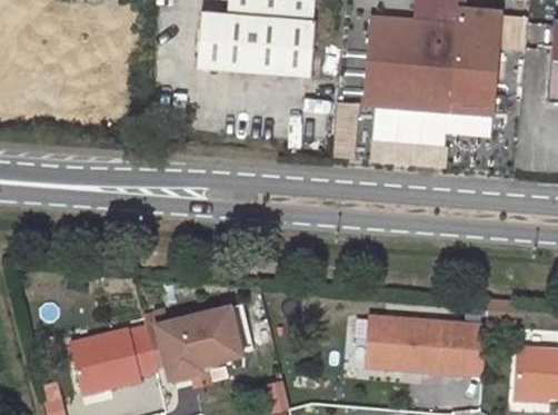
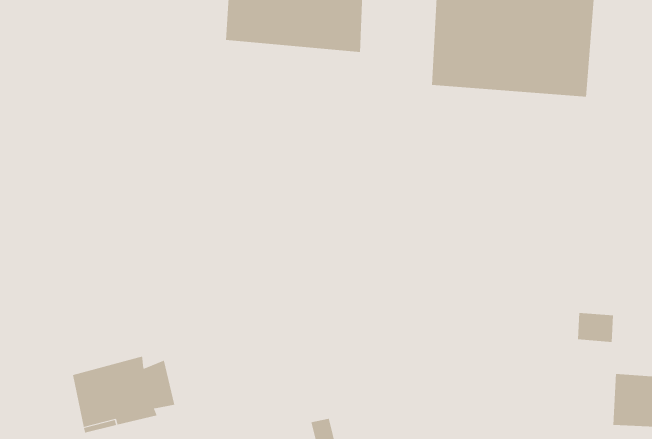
building: [149,298,239,377] -> none
building: [370,313,488,369] -> none

